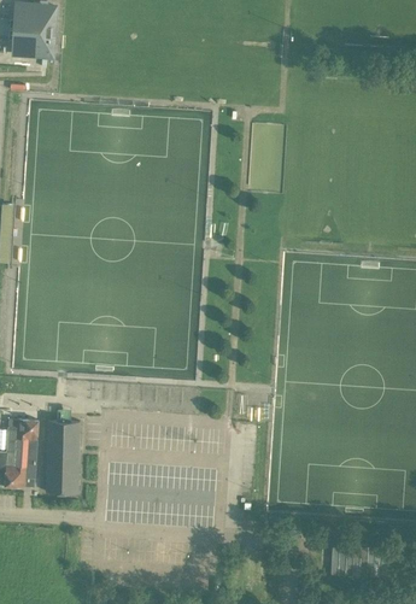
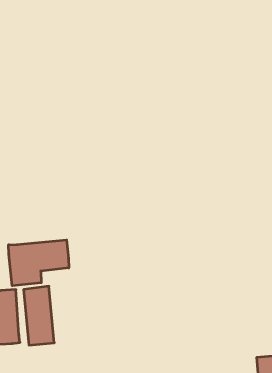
building: none -> [9,240,69,286]

